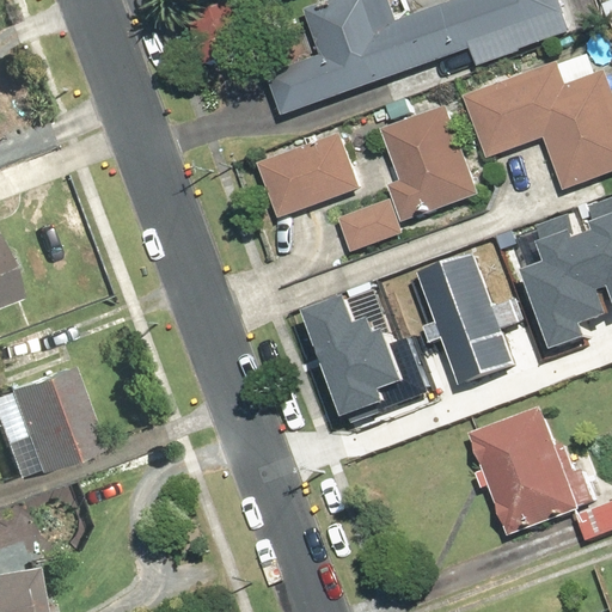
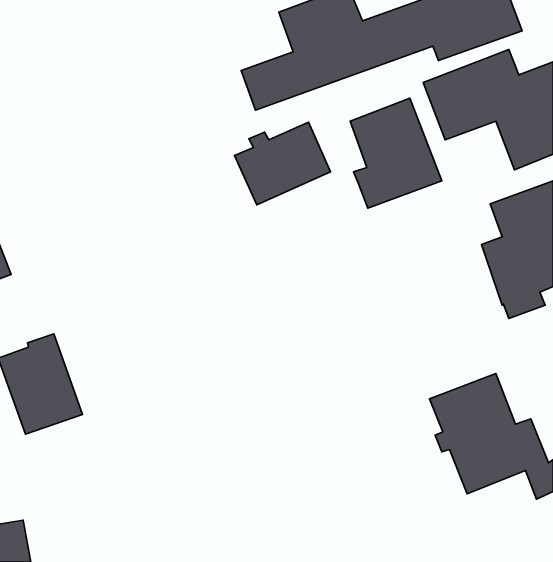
building: [336,198,402,253] -> none
building: [420,256,531,388] -> none
building: [305,293,404,414] -> none

